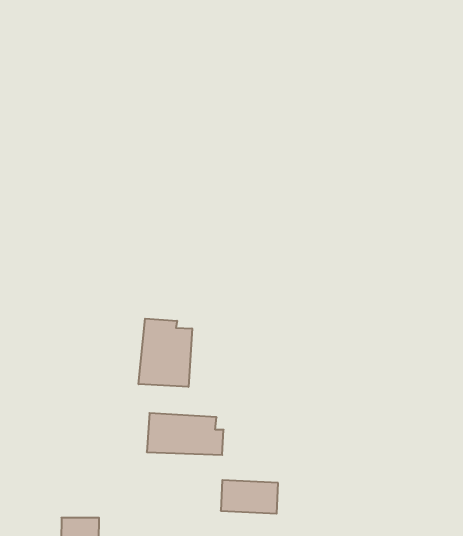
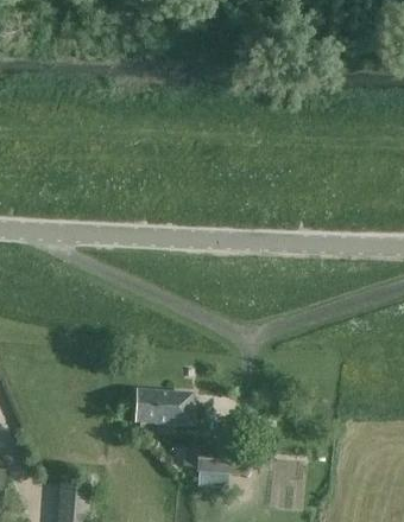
building: [139,319,192,387] -> none

